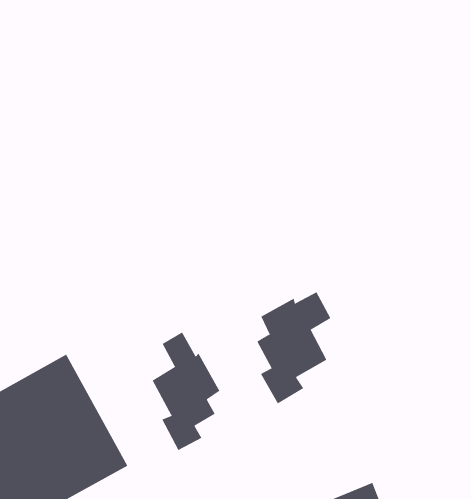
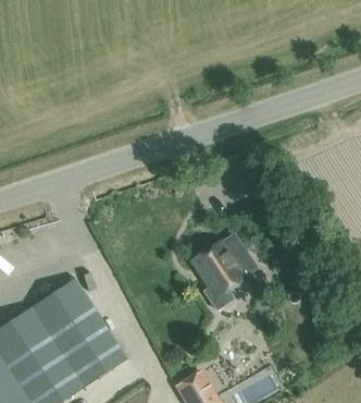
building: [152,332,220,451] -> none

